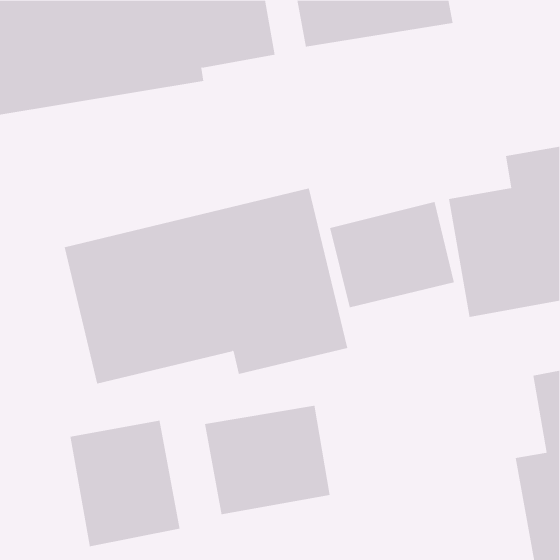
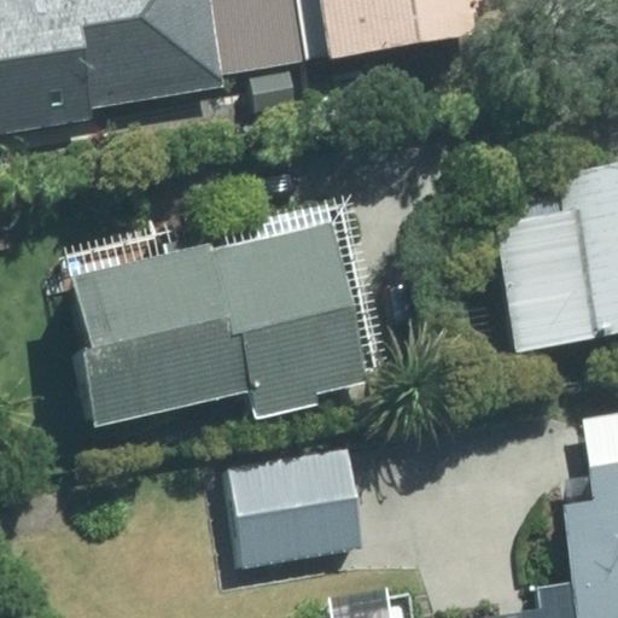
building: [329,201,454,308] -> none
building: [70,420,180,547] -> none

